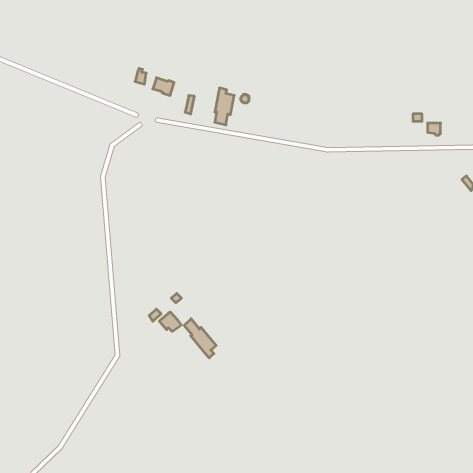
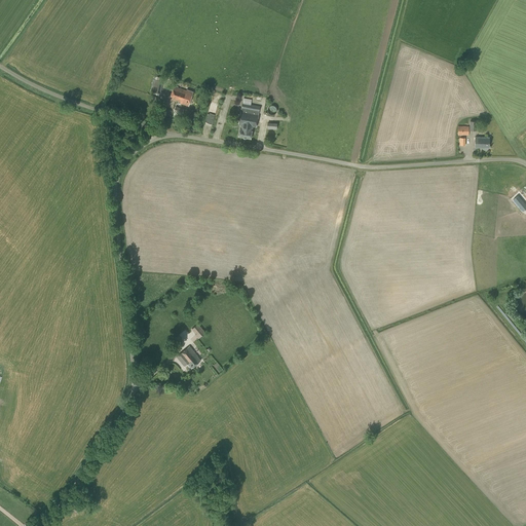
building: [184,319,216,358] -> none

